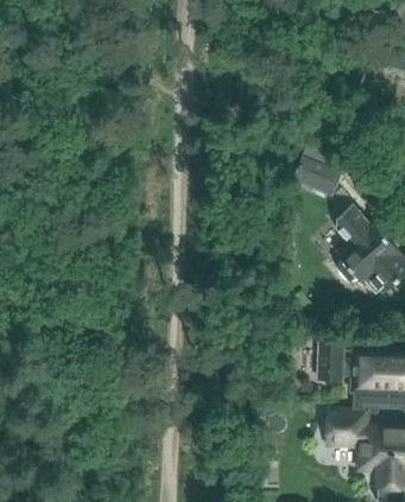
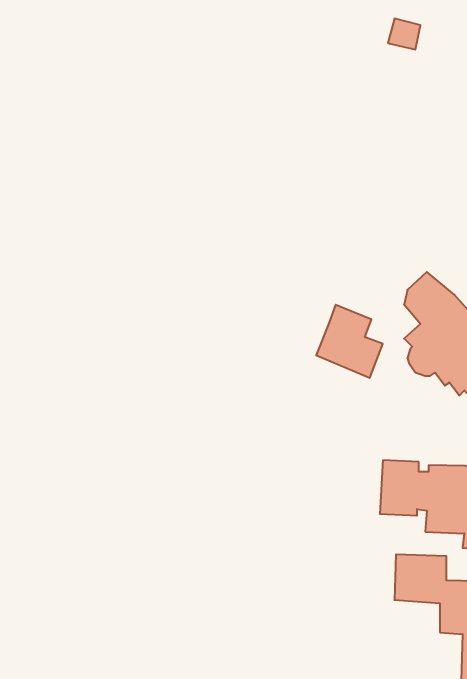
building: [293,145,342,198] -> [316,305,383,378]

